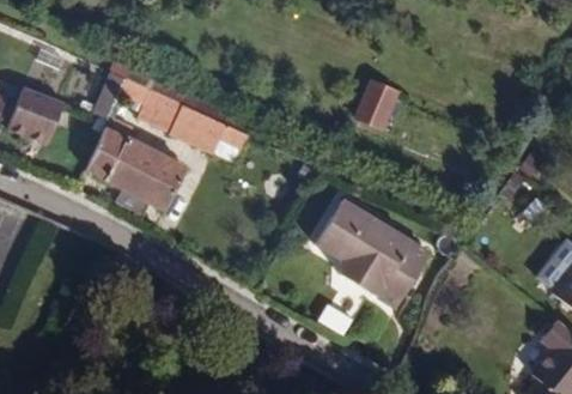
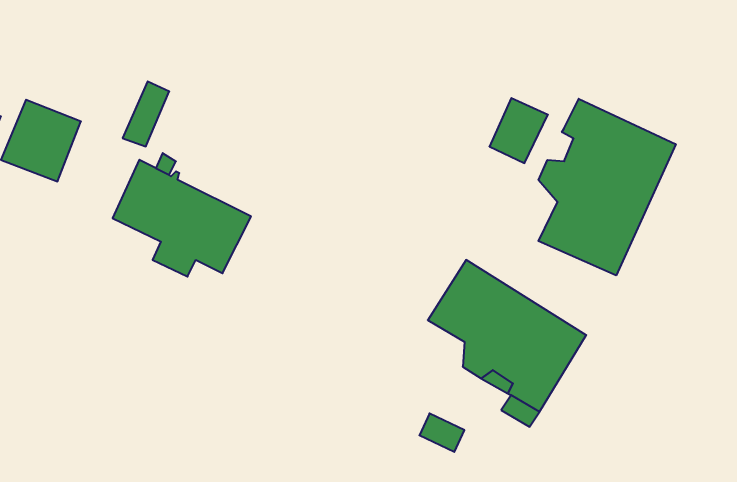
building: none -> [538,99,676,275]
building: [117,86,239,158] -> none

